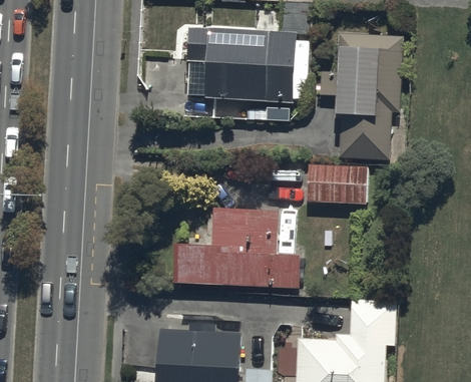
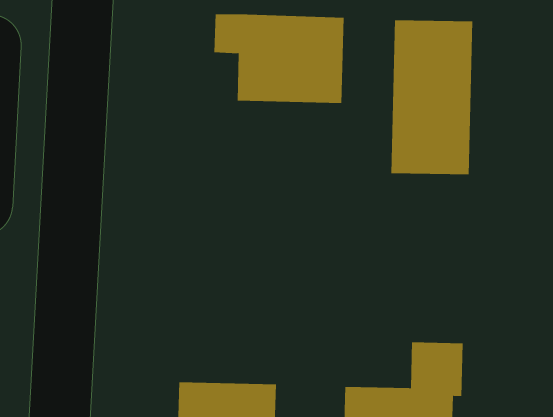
building: [305,167,367,203] -> none
building: [173,210,300,289] -> none

